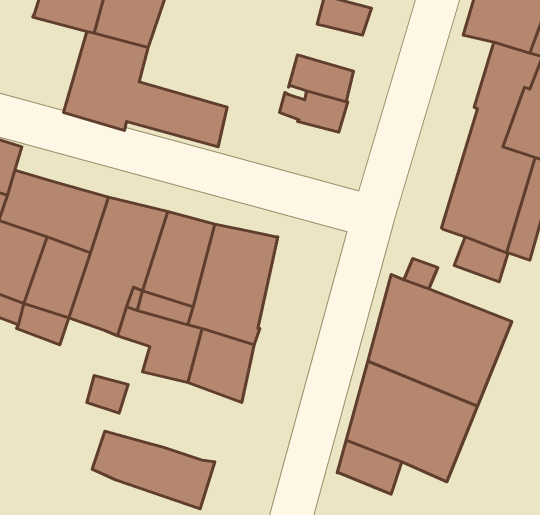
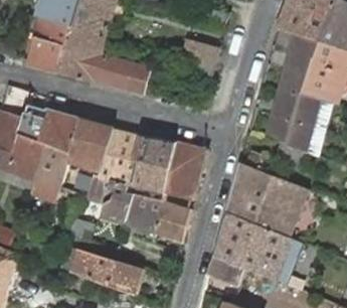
building: none -> [26,19,69,72]
building: none -> [165,142,207,200]
building: none -> [156,202,190,242]

